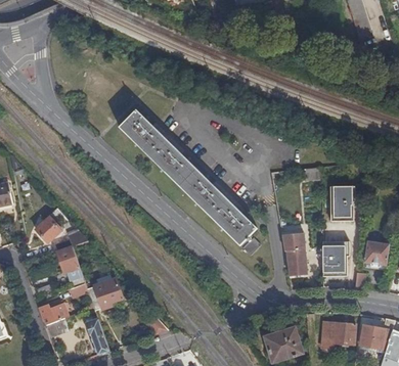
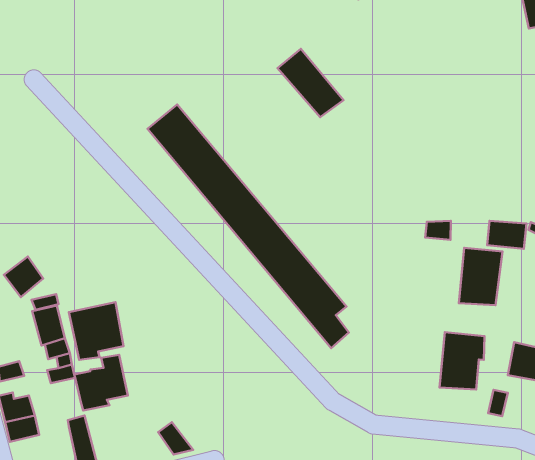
building: none -> [278,49,344,117]
building: none -> [487,221,526,249]
building: [281,234,306,276] -> none
building: none -> [69,302,124,360]

